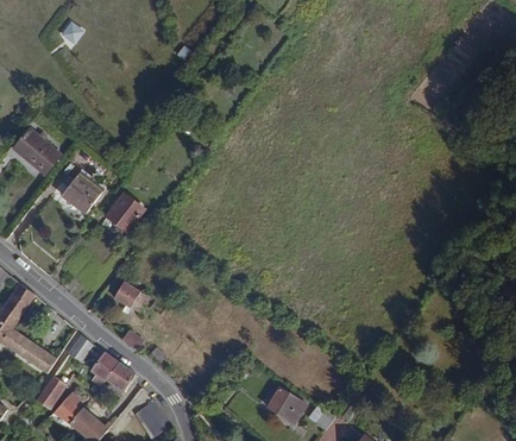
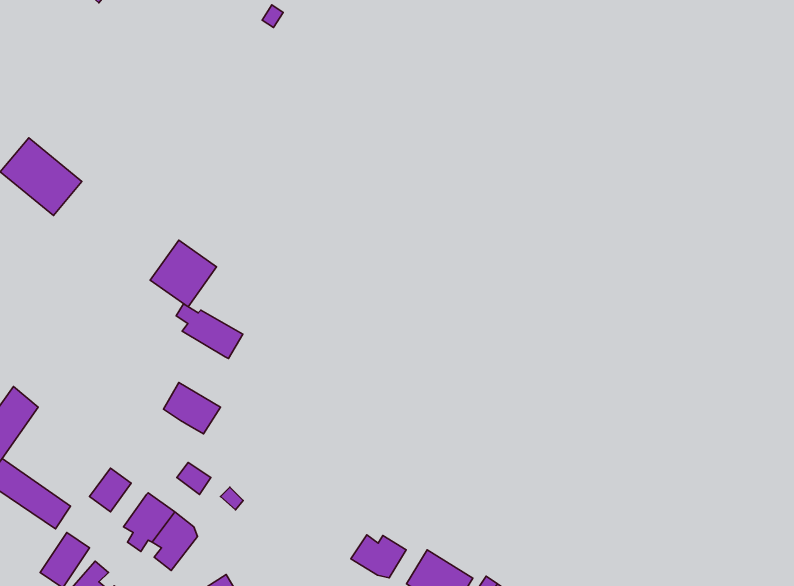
building: [61,171,102,214] -> none
building: none -> [176,304,243,358]
building: none -> [351,535,406,578]

